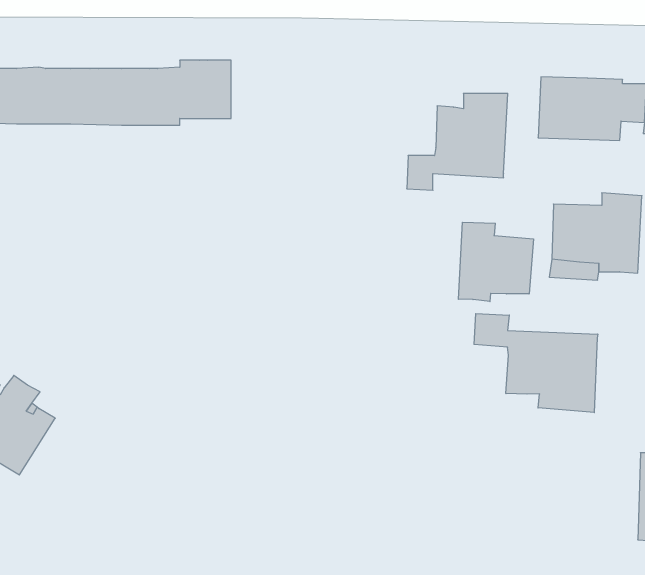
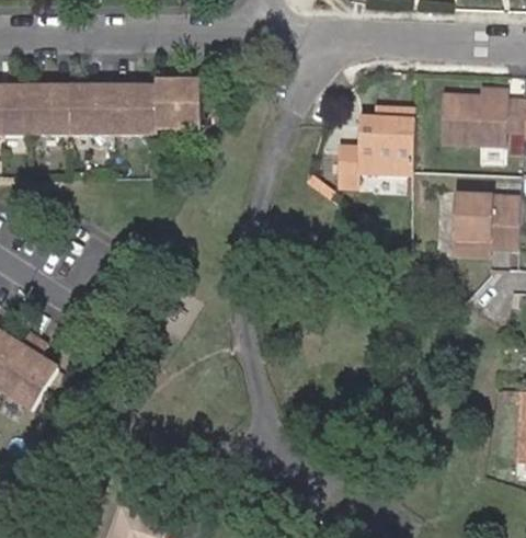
building: [458,222,533,302] -> none
building: [474,314,598,413] -> none

